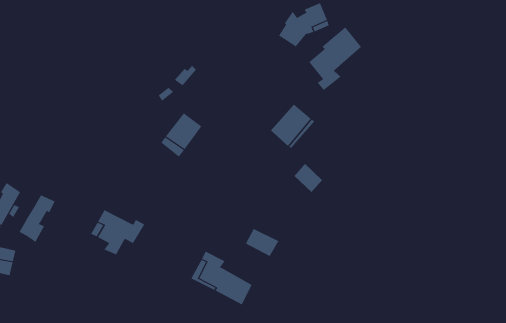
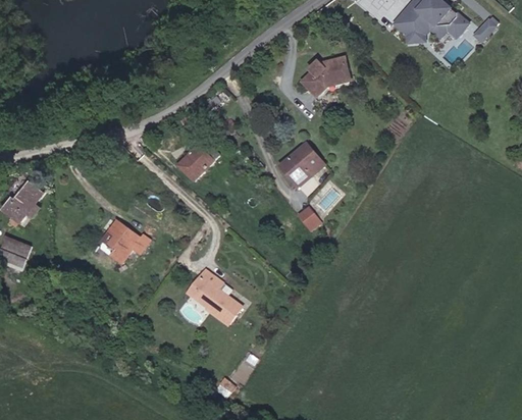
building: [308,27,362,91] -> none
building: [19,194,56,243] -> none
building: [245,228,279,257] -> none

